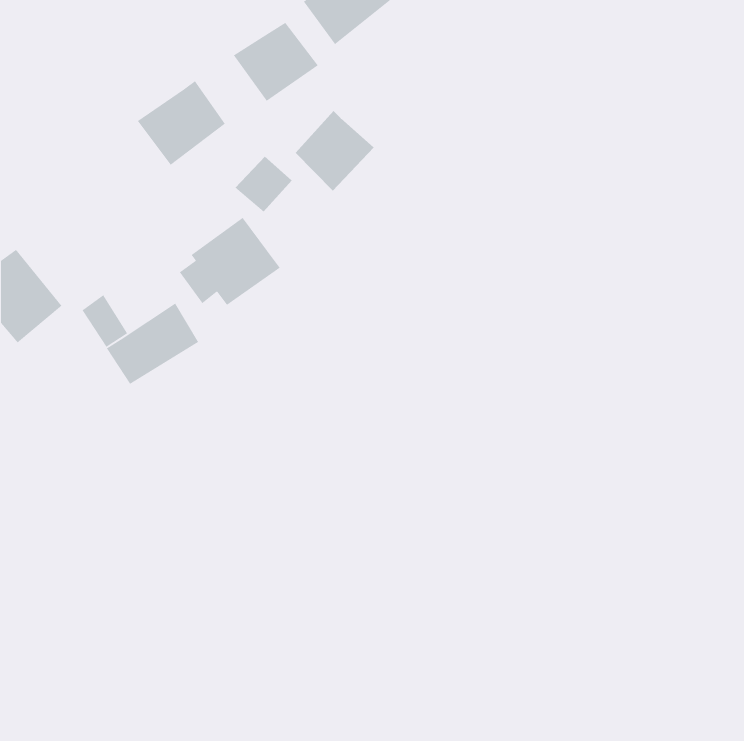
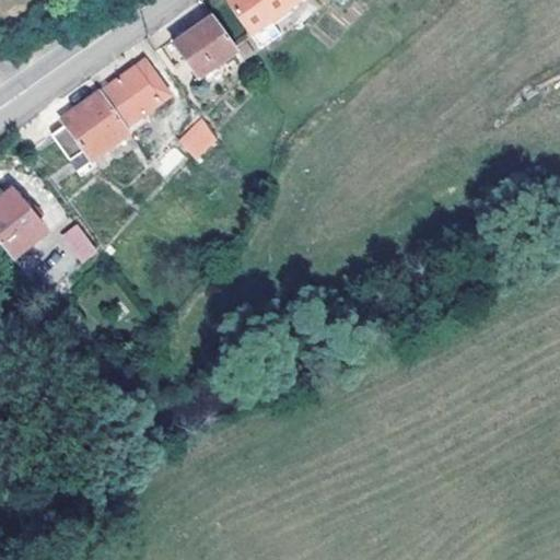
building: [295,110,375,192] -> none
building: [179,217,281,306] -> [55,91,131,158]
building: [106,303,199,385] -> none

